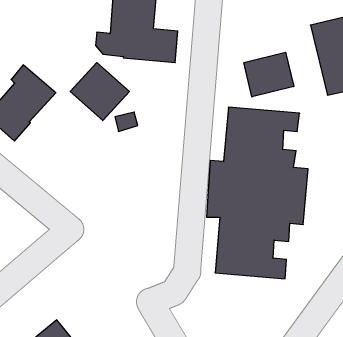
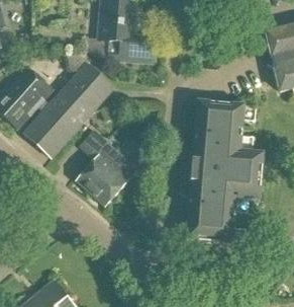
building: [244,52,294,97] -> none
building: none -> [23,83,92,158]
building: none -> [76,130,137,206]

